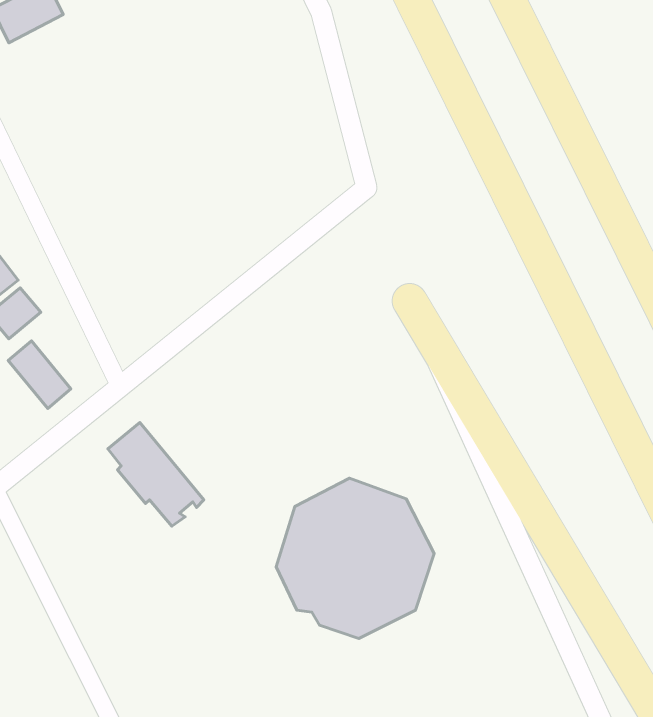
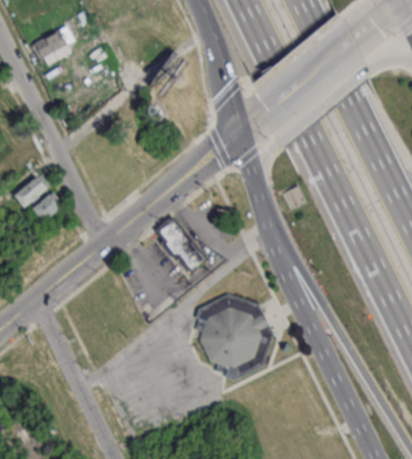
building: [8,341,71,409] -> none
building: [108,423,204,526] -> [156,219,208,275]

